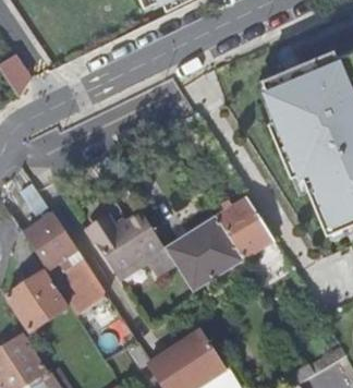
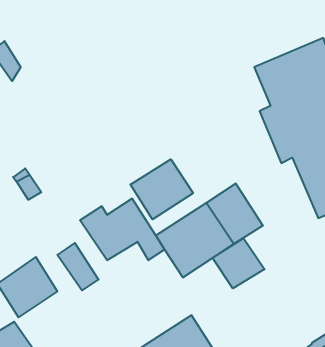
building: none -> [130,159,193,219]
building: [26,215,80,269] -> none
building: none -> [213,238,265,288]

